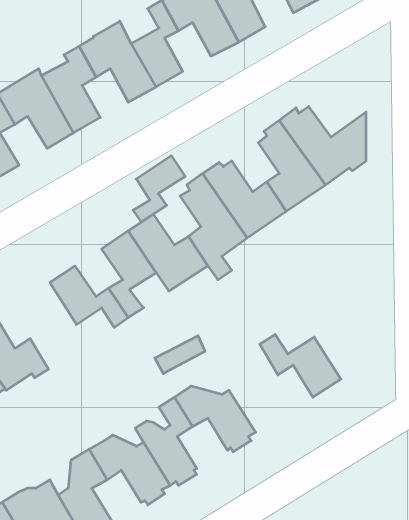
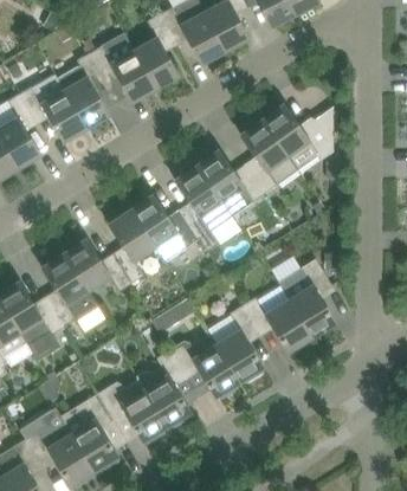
building: [133,156,185,222] -> none
building: none -> [43,251,97,328]
building: none -> [279,261,335,336]
building: none -> [217,306,263,382]

